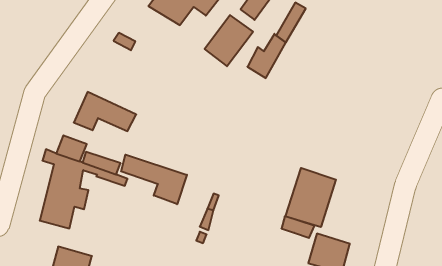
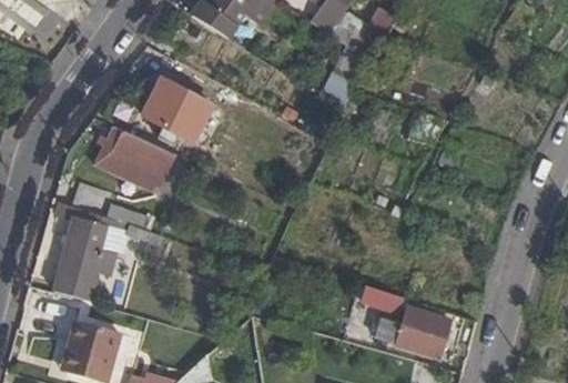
building: [205,15,253,66] -> none
building: none -> [142,81,205,135]
building: [121,155,187,204] -> none
building: [285,168,336,227] -> none

